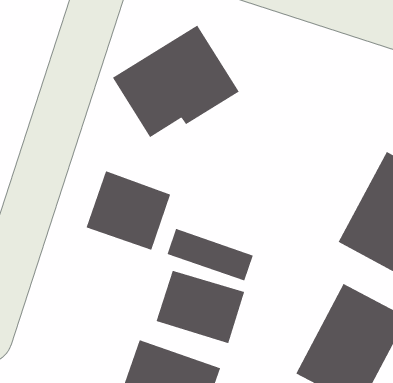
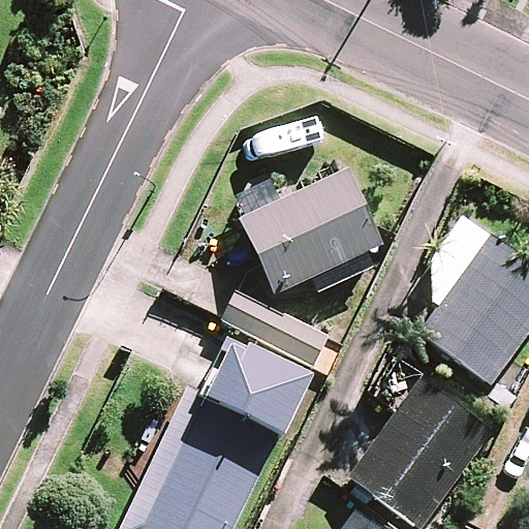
building: [112,25,240,138] -> [240,173,384,295]
building: [86,170,171,251] -> none

